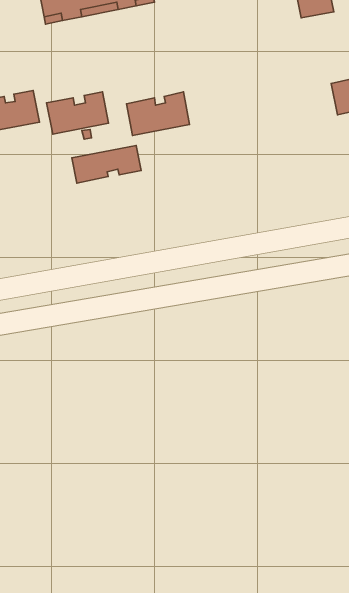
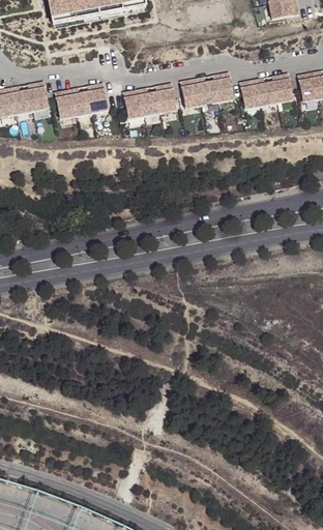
building: none -> [181,71,234,108]
building: none -> [241,71,294,108]
building: [72,145,141,183] -> none

